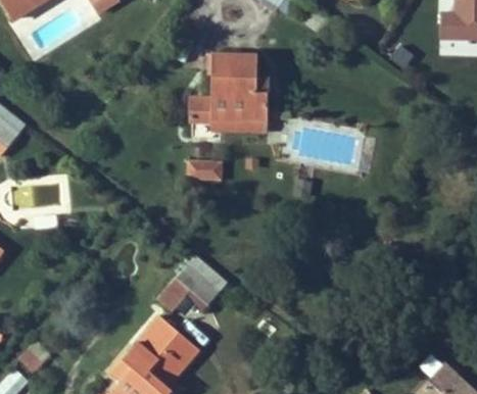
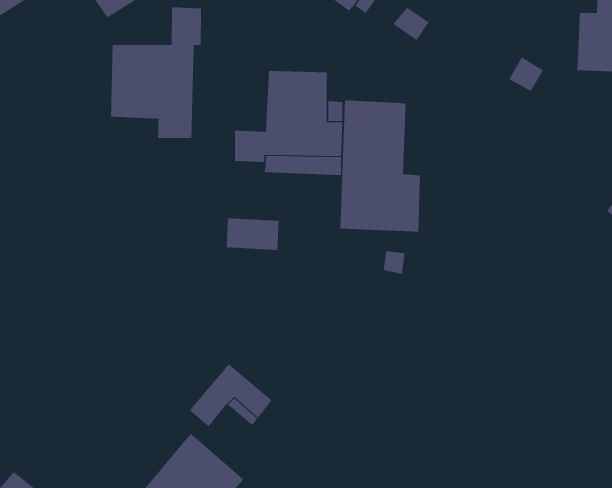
building: none -> [111,6,201,139]
building: none -> [340,99,421,233]

